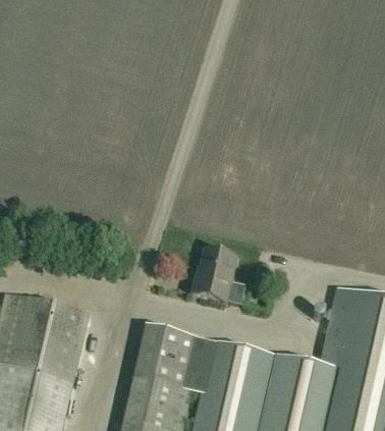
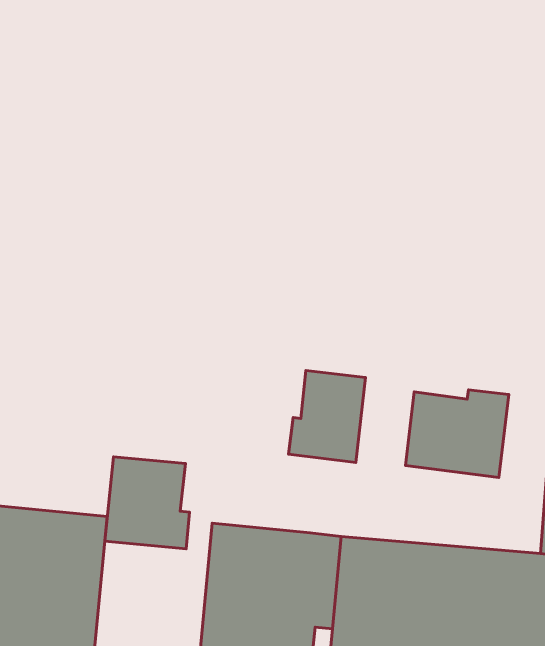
building: none -> [405,390,509,477]
building: none -> [105,457,189,549]

